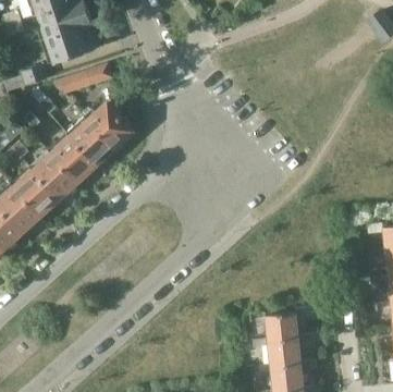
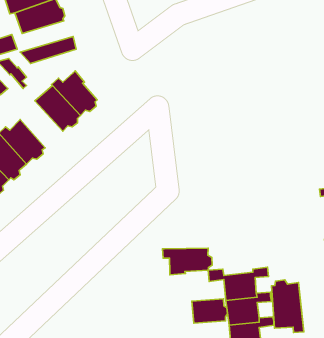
building: [49,133,97,182] -> none
building: none -> [163,248,212,275]
building: none -> [272,280,304,332]
building: none -> [192,299,228,323]

